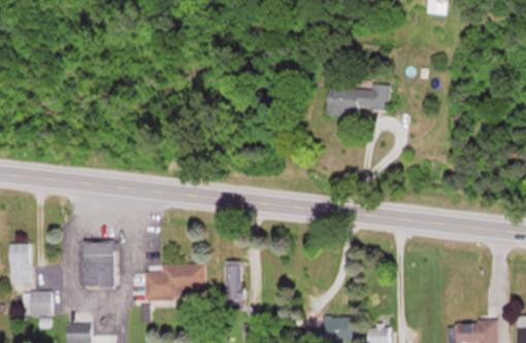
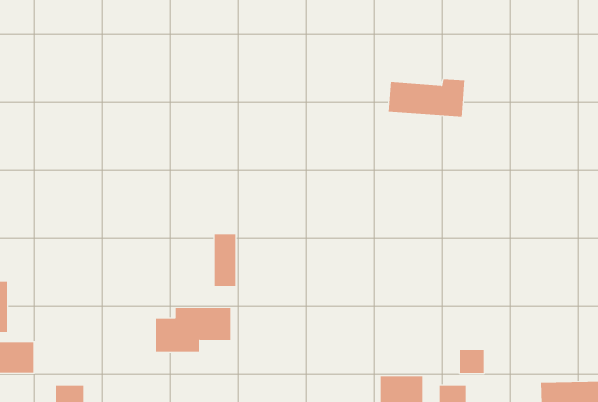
building: [84,243,114,286] -> none
building: [225,261,242,302] -> [214,234,236,287]
building: none -> [460,349,484,374]

